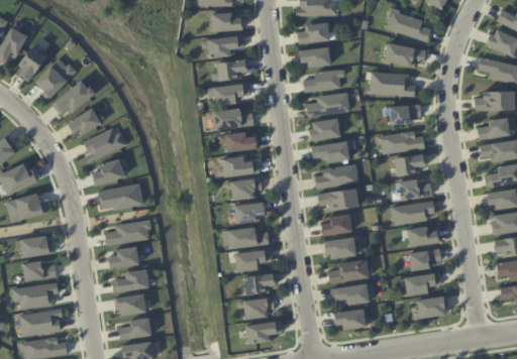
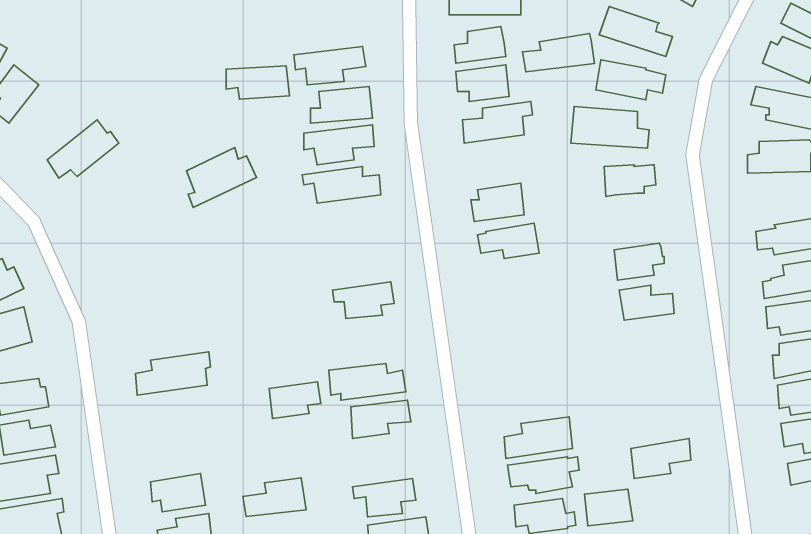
building: [205,11,243,31] -> [226,66,289,99]
building: [34,57,76,97] -> none
building: [306,93,349,116] -> [523,33,594,72]
building: [68,107,101,134] -> none
building: [479,117,510,139] -> none
building: [84,126,126,162] -> [186,148,256,208]
building: [377,130,424,153] -> none
building: [219,131,257,151] -> none
building: [216,155,260,177] -> none
building: [92,158,123,185] -> none
building: [314,163,358,189] -> none
building: [97,183,143,209] -> none
building: [317,188,359,211] -> none
building: [390,200,434,225] -> none
building: [234,201,266,223] -> [269,382,321,419]
building: [321,213,352,236] -> none
building: [407,225,439,247] -> none
building: [323,236,356,258] -> none
building: [108,245,139,268] -> none
building: [409,247,441,270] -> none
building: [111,268,149,291] -> [243,478,306,516]
building: [243,272,276,294] -> none
building: [417,295,446,318] -> [585,489,633,526]

